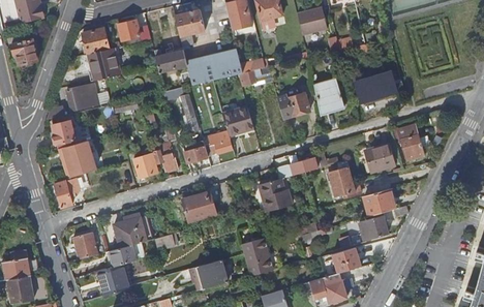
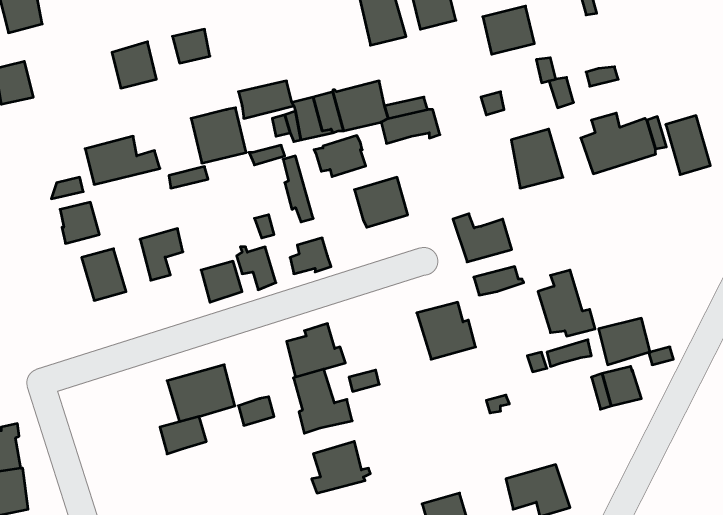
building: [175,9,205,47] -> none
building: [87,49,119,81] -> [191,108,246,163]
building: [275,90,309,118] -> [453,214,512,262]
building: [399,126,425,160] -> [666,116,710,175]
building: [203,131,233,155] -> [314,136,366,177]
building: [361,145,395,174] -> none
building: [54,178,79,208] -> [140,229,183,280]
building: [75,232,98,259] -> none
building: [244,239,278,276] -> [293,369,352,433]
building: [333,248,361,273] -> none
building: [99,264,129,296] -> none

